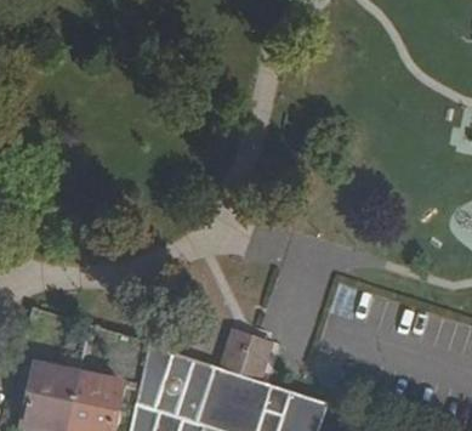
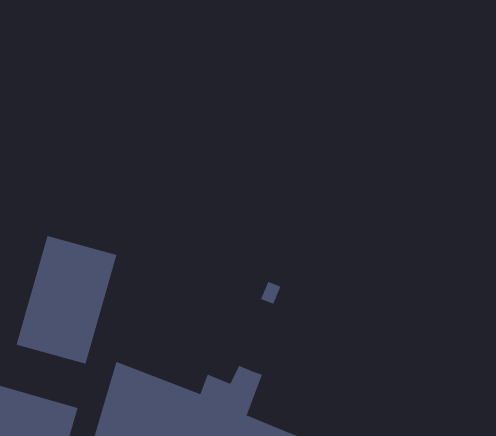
building: none -> [16,235,117,365]

